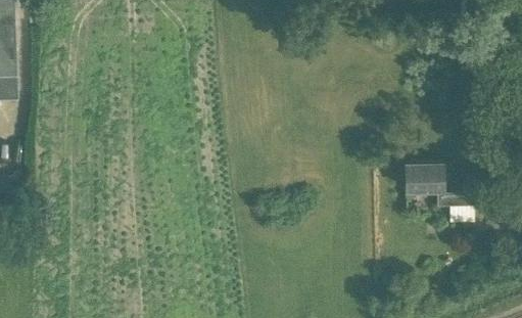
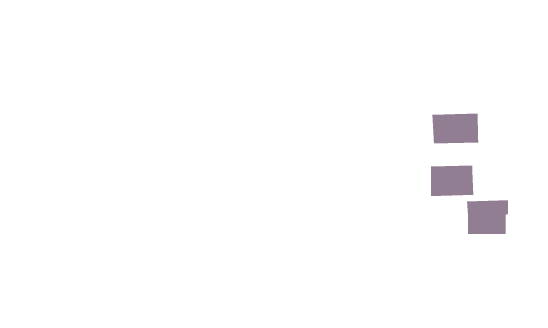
building: none -> [432,113,479,144]

